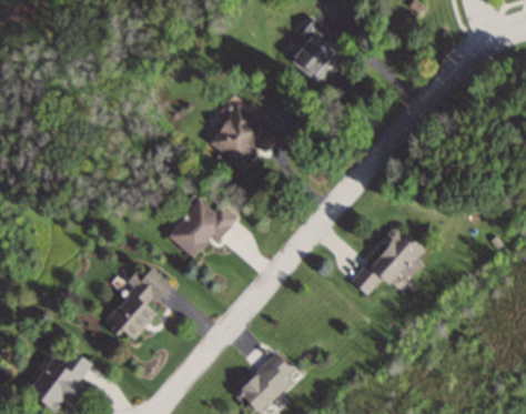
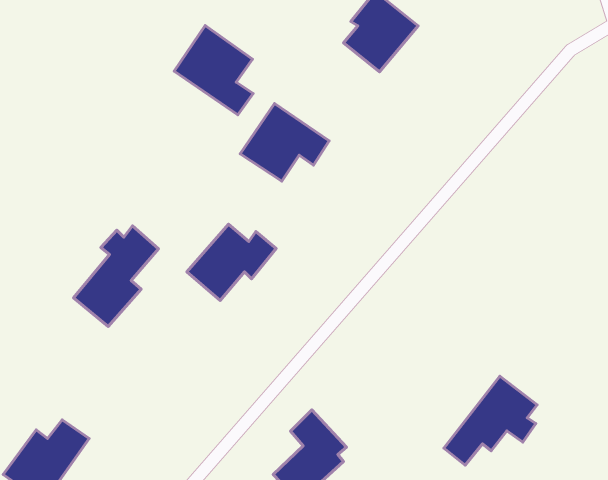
building: none -> [174,26,253,115]
building: [351,226,423,295] -> [444,376,537,465]
building: [105,265,171,343] -> [74,226,158,326]

